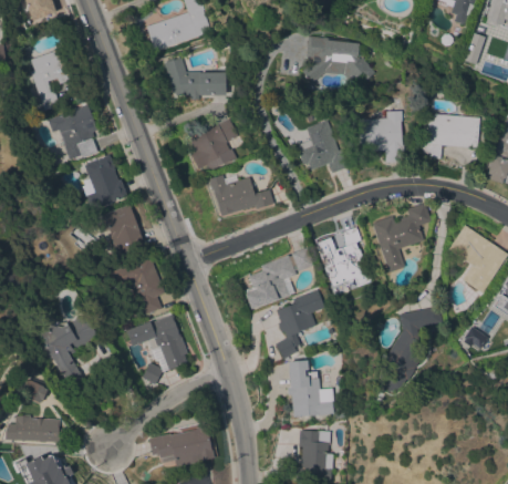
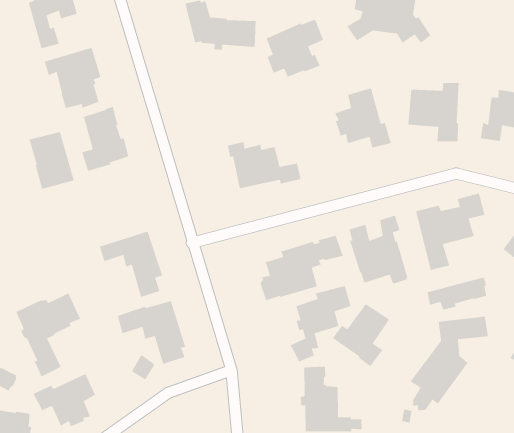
building: [188,119,238,171] -> [265,18,324,78]
building: [103,205,145,256] -> [29,131,75,190]
building: none -> [426,277,487,310]
building: none -> [332,303,390,367]
building: none -> [33,373,96,428]

